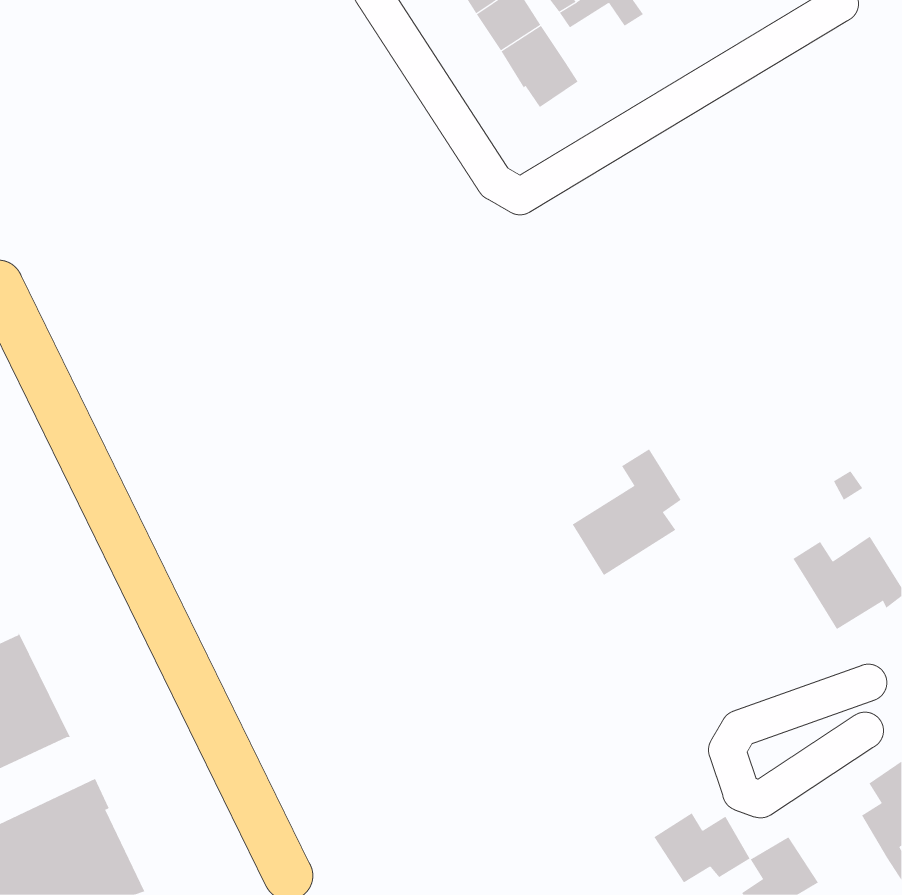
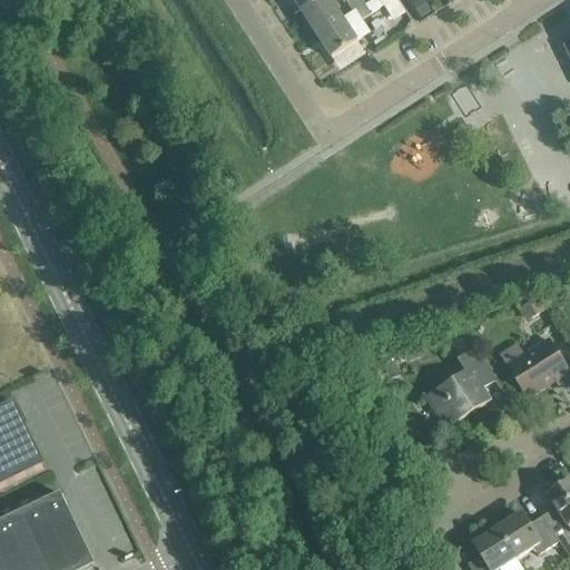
building: [572,449,681,576] -> [425,346,494,426]
building: [653,812,751,883] -> [497,511,558,556]

